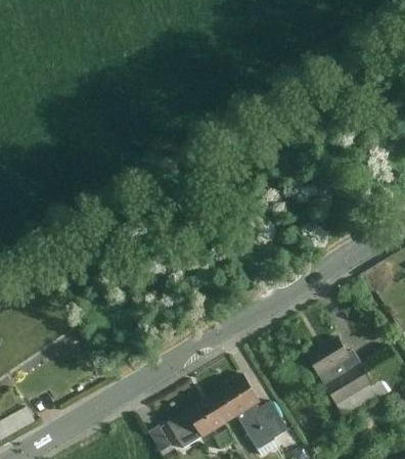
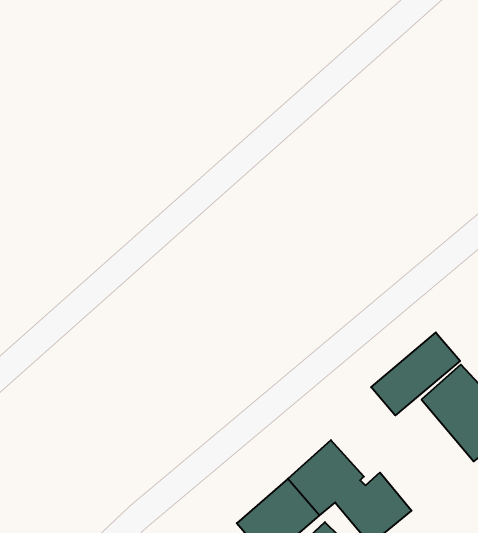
building: none -> [371,332,460,415]

